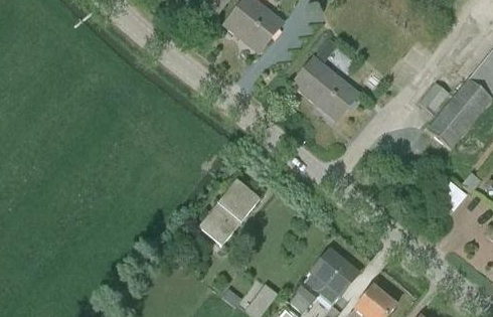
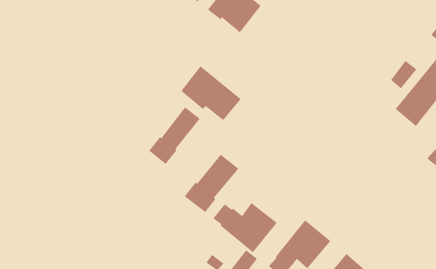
building: [294,59,359,119] -> [180,66,241,121]
building: none -> [149,106,200,165]
building: none -> [212,202,277,253]

